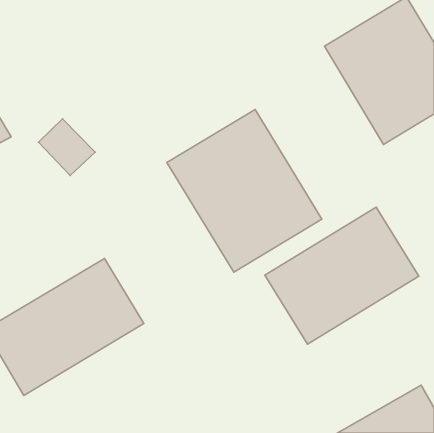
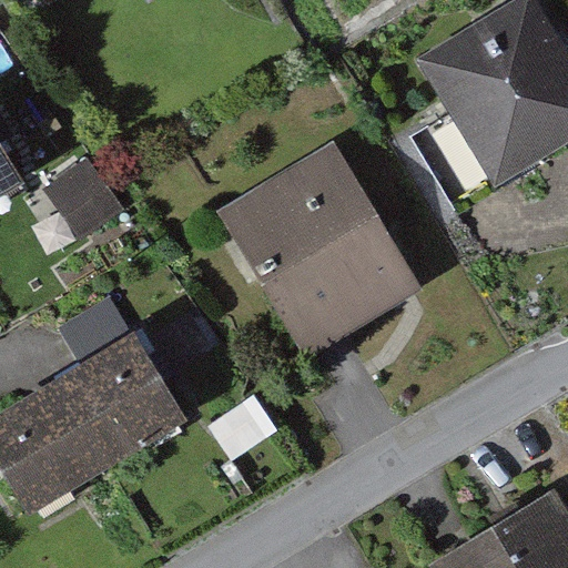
building: [265,207,419,344] -> none

